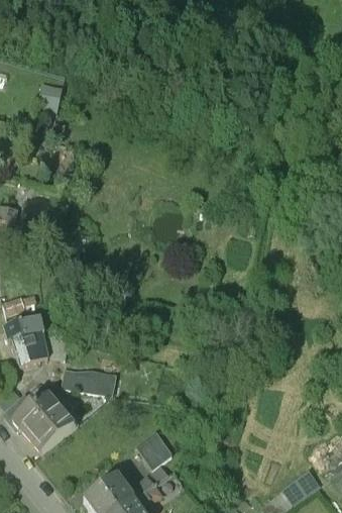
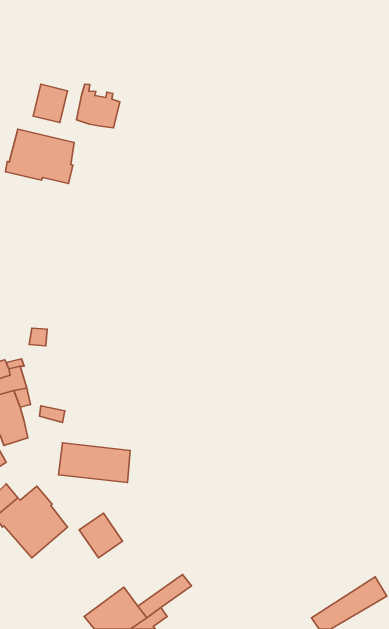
building: none -> [76,84,120,128]
building: none -> [6,129,74,183]
building: [137,431,172,467] -> [79,513,123,558]

